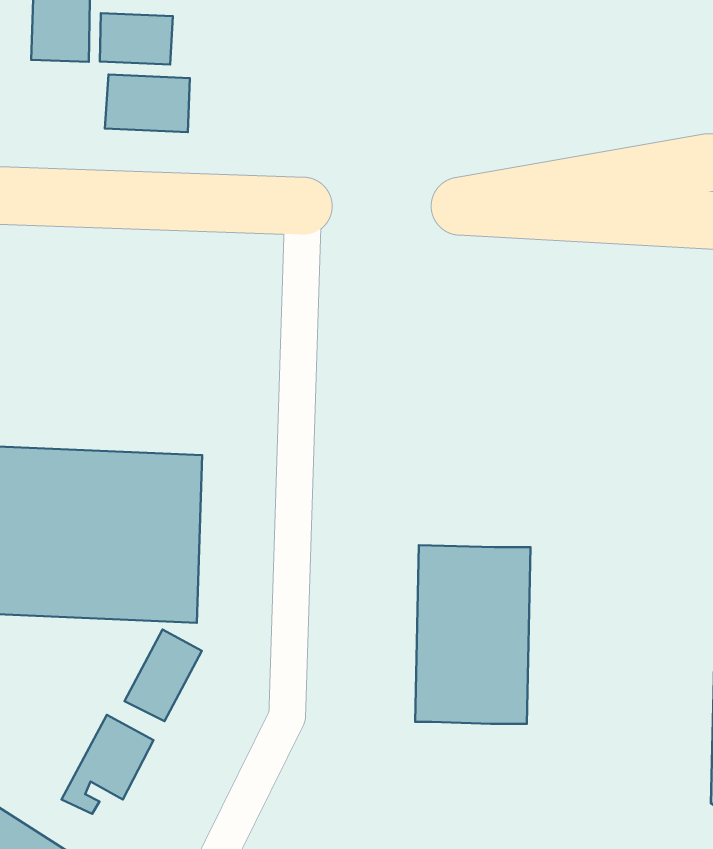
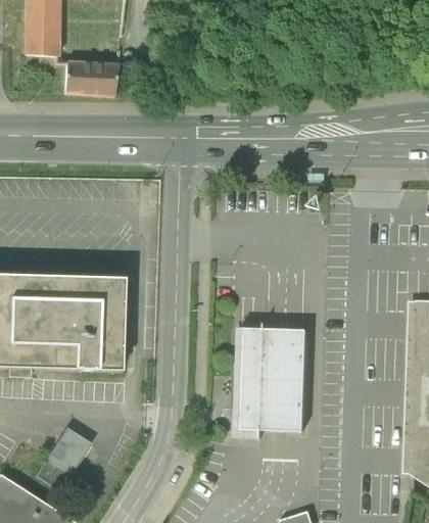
building: [100,13,173,64] -> none
building: [125,630,202,721] -> none

